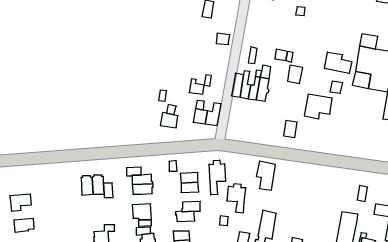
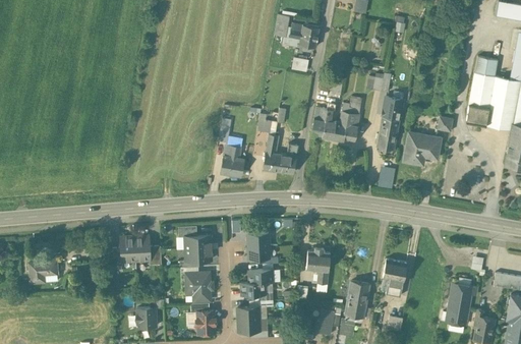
building: none -> [289,22,319,48]
building: [325,52,352,74] -> none
building: none -> [377,117,398,150]
building: [209,160,225,195] -> none
building: [256,161,275,190] -> [382,260,406,296]
building: [14,218,34,232] -> none

